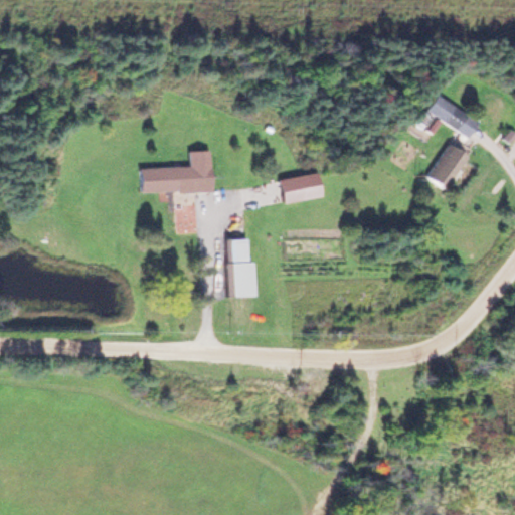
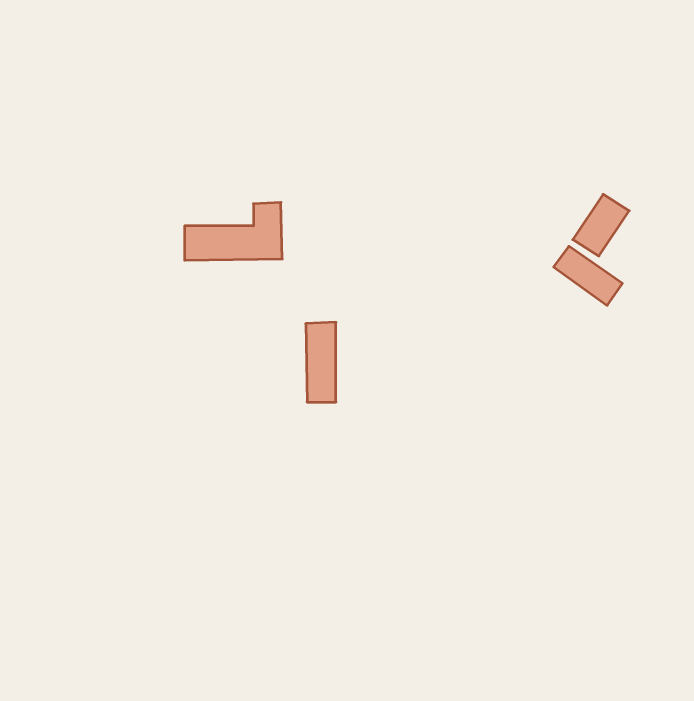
building: [427,95,478,138] -> [554,246,622,305]
building: [280,172,323,203] -> none

